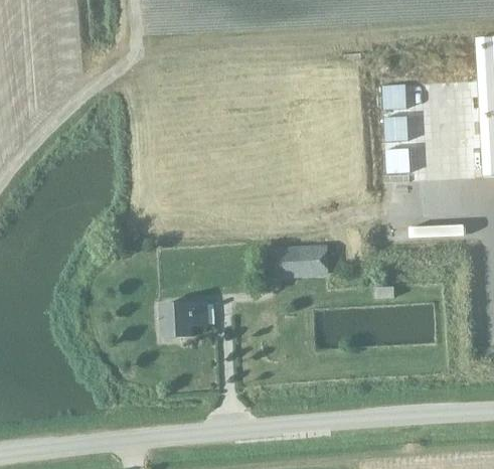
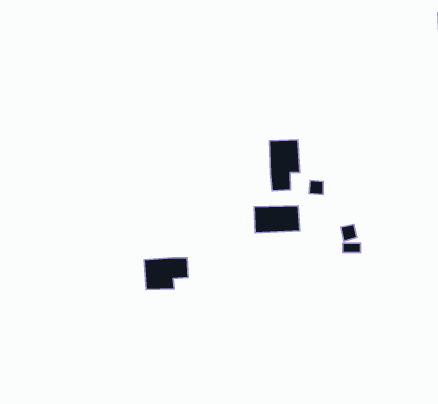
building: none -> [270,140,300,191]

